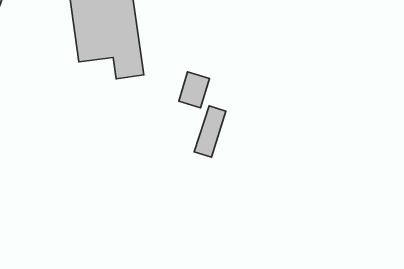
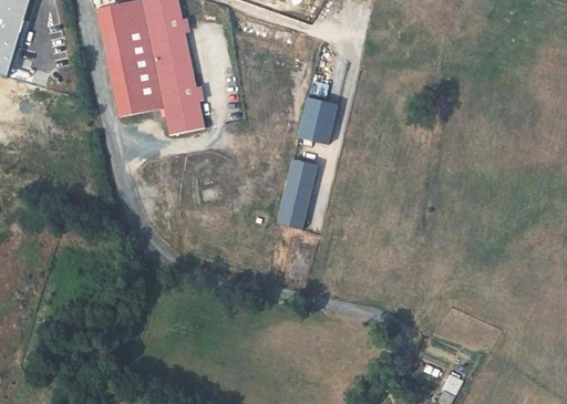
building: [179,72,209,108] -> [298,100,336,145]

